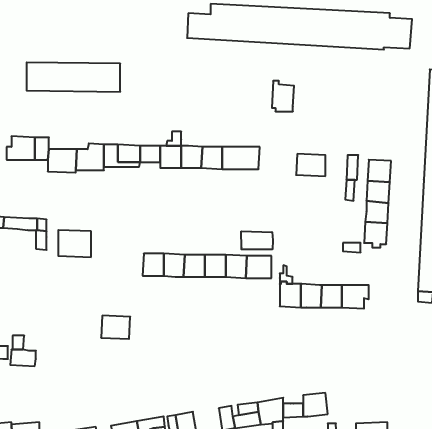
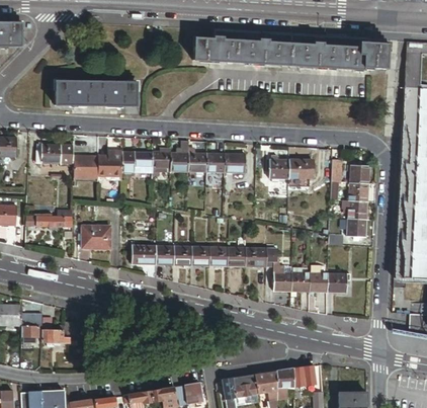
building: [272,81,294,111] -> [269,155,288,181]
building: [241,231,273,249] -> none
building: [101,316,130,339] -> [131,244,156,264]

